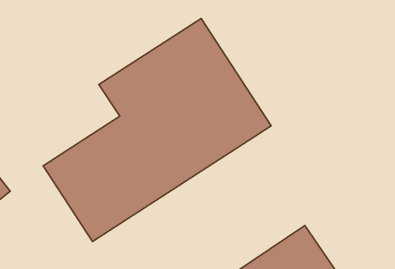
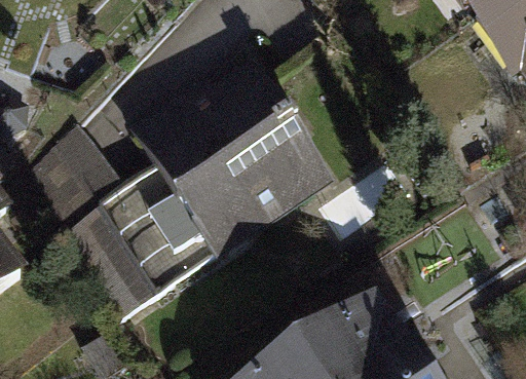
building: none -> [35,119,133,217]

